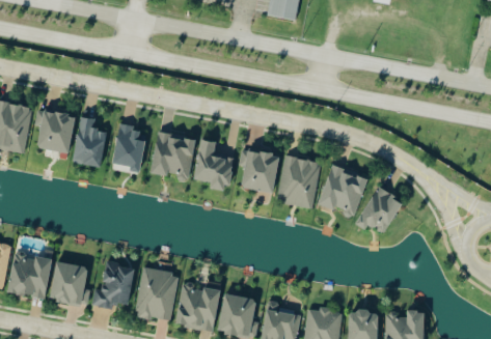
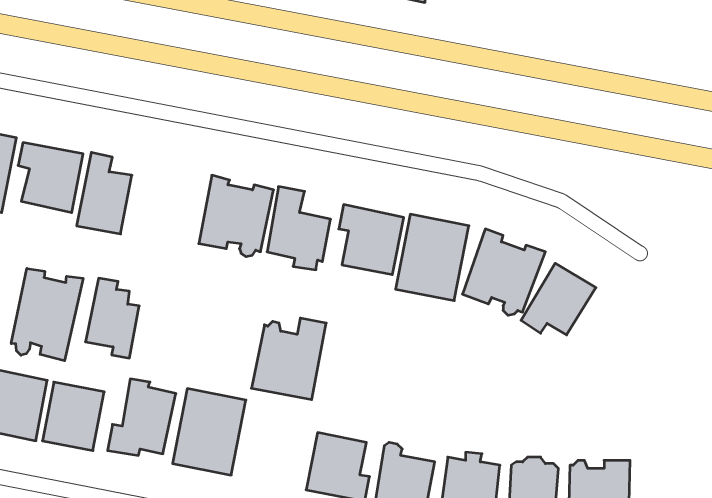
building: [112,122,146,173] -> [85,278,139,358]
building: none -> [11,268,83,361]
building: [174,279,222,331] -> [251,318,326,400]

